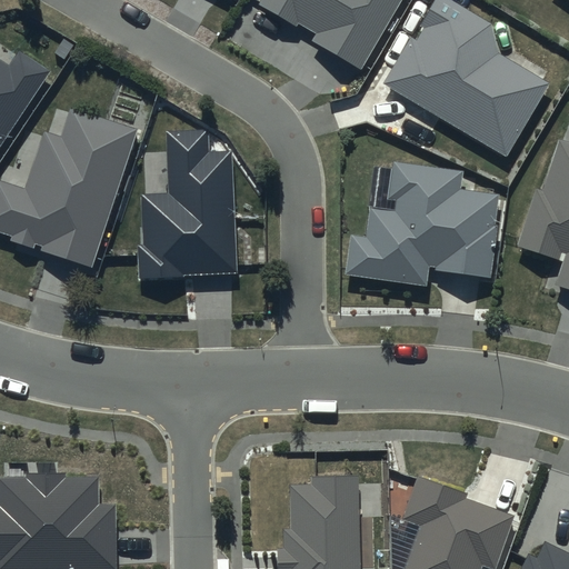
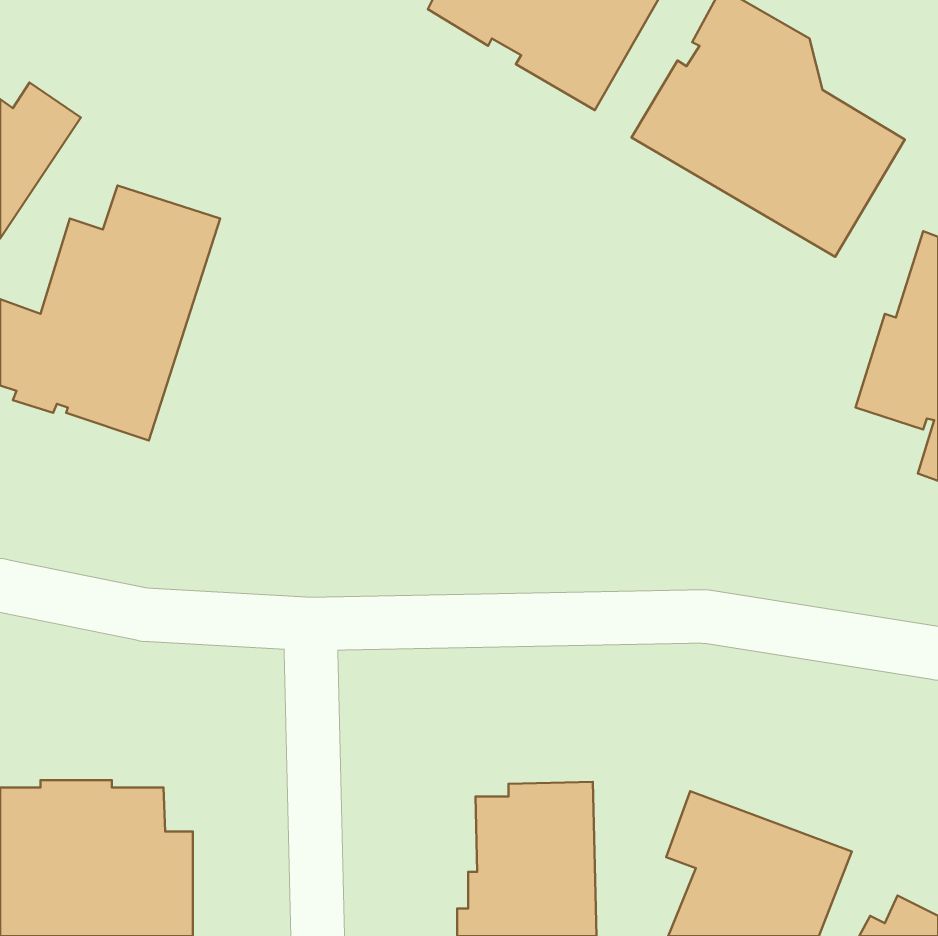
building: [136,129,237,280] -> none
building: [345,163,499,287] -> none

